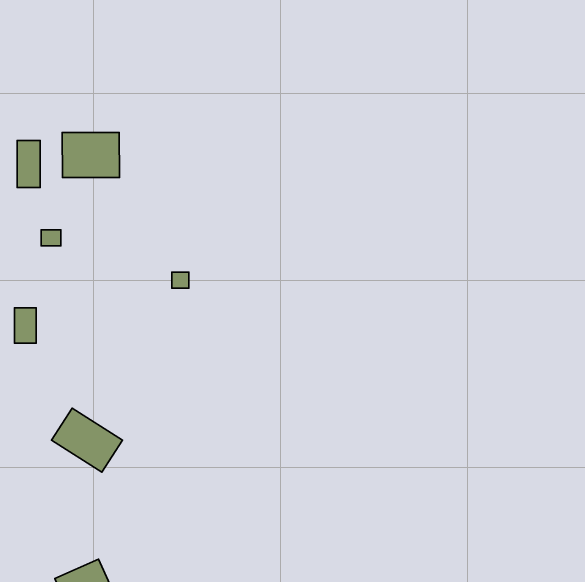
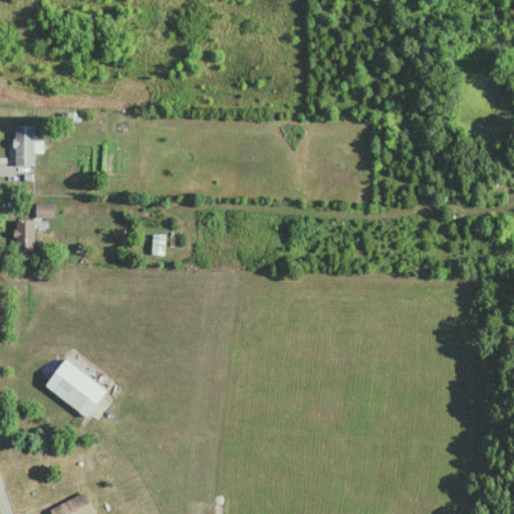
building: [62,133,119,177] -> none
building: [14,308,36,343] -> [15,221,34,252]

